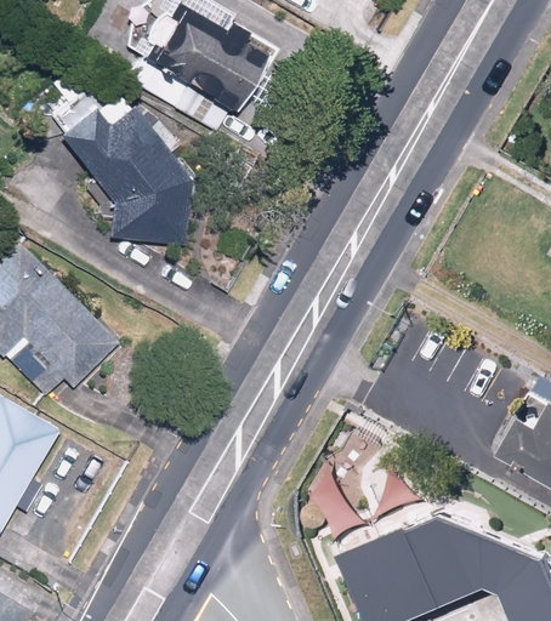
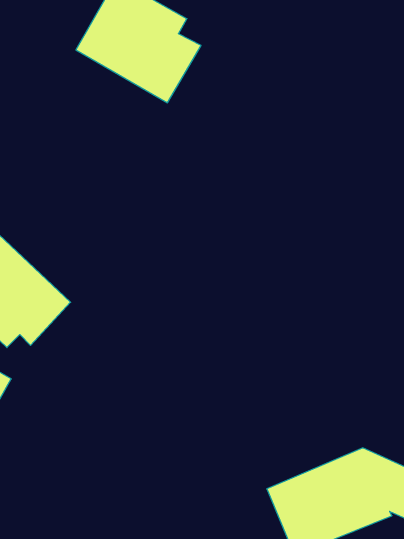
building: [49,67,194,245] -> none

